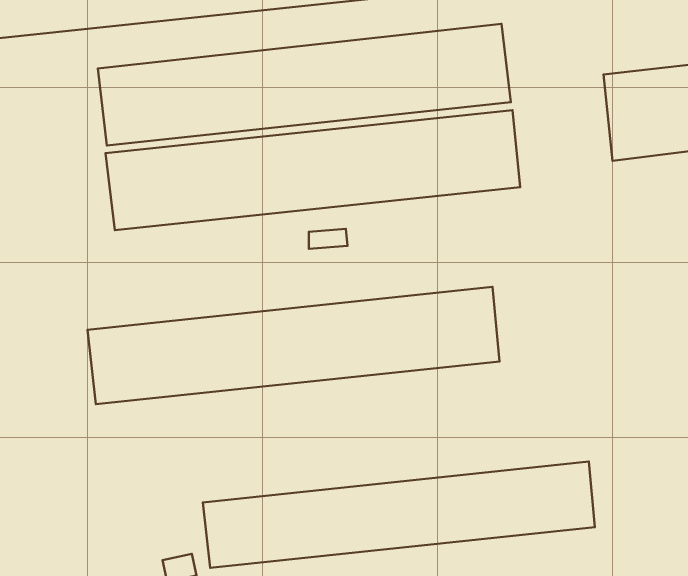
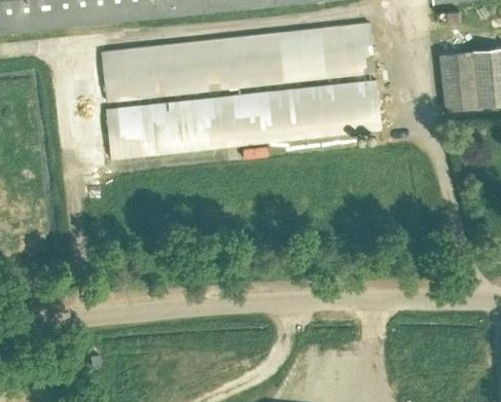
building: [88,287,499,404] -> none
building: [203,461,595,568] -> none

